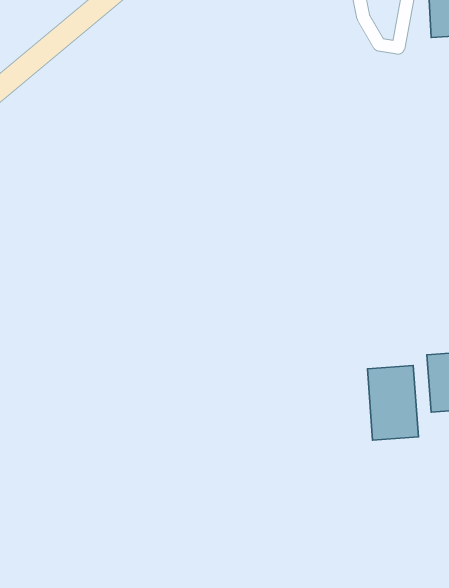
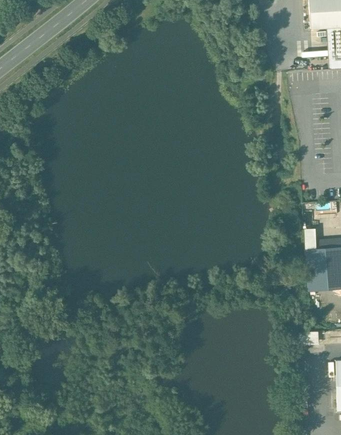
building: [367,366,418,440] -> none

